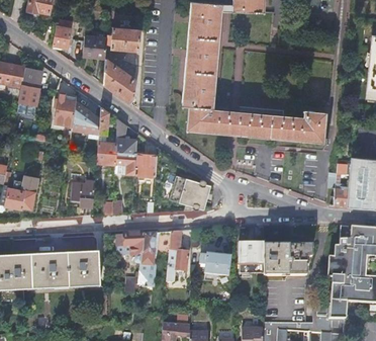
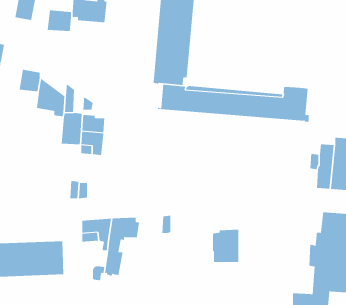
building: [103,58,135,102] -> none
building: [134,154,158,176] -> none
building: [169,175,206,209] -> none
building: [71,179,95,205] -> none
building: [166,231,187,279] -> none
building: [263,245,310,275] -> none
building: [200,256,229,276] -> none

